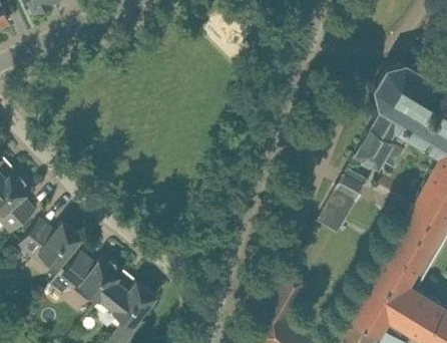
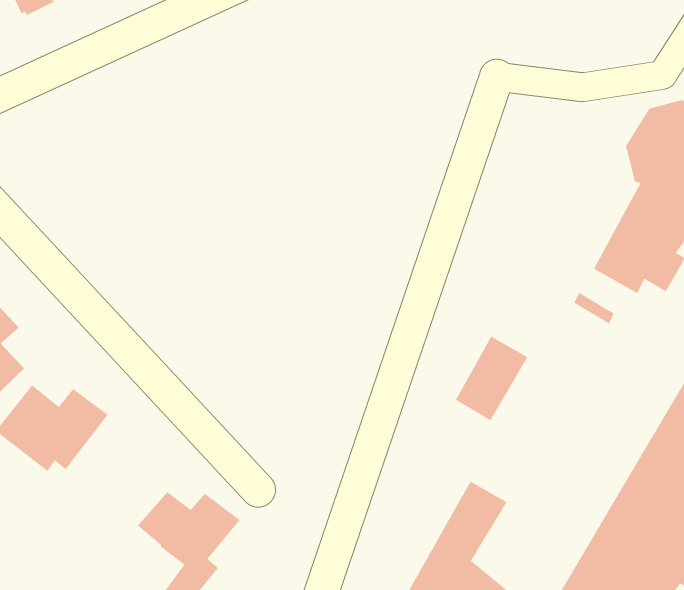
building: [317,187,358,235] -> [455,336,528,421]
building: [49,254,123,304] -> none

